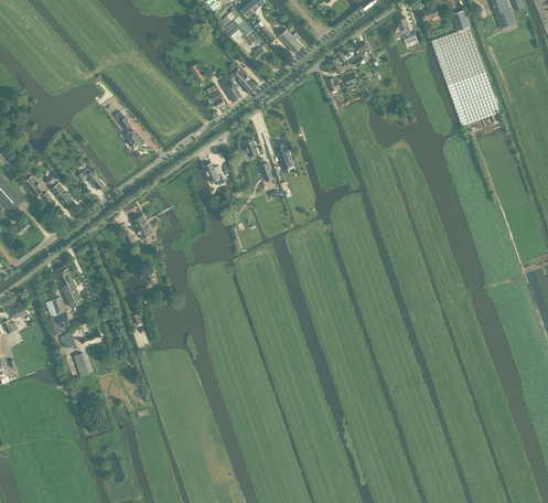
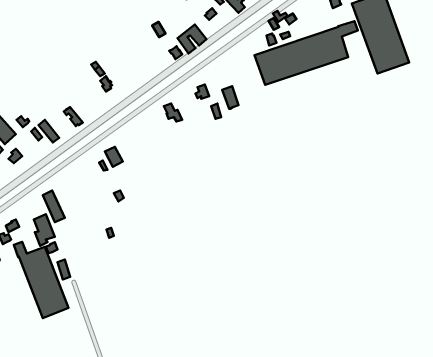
building: none -> [255,21,358,85]
building: none -> [14,242,68,318]

